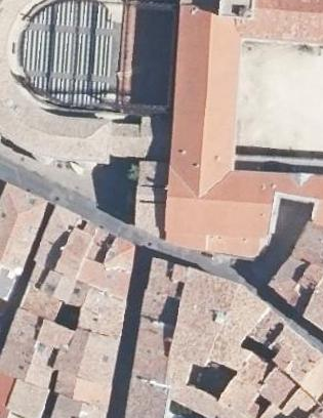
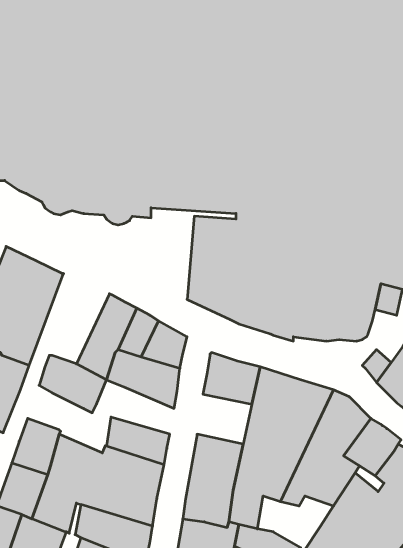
building: [37,209,80,268] -> none
building: [68,280,126,319] -> none
building: [22,284,62,322] -> none
building: [143,290,181,326] -> none

